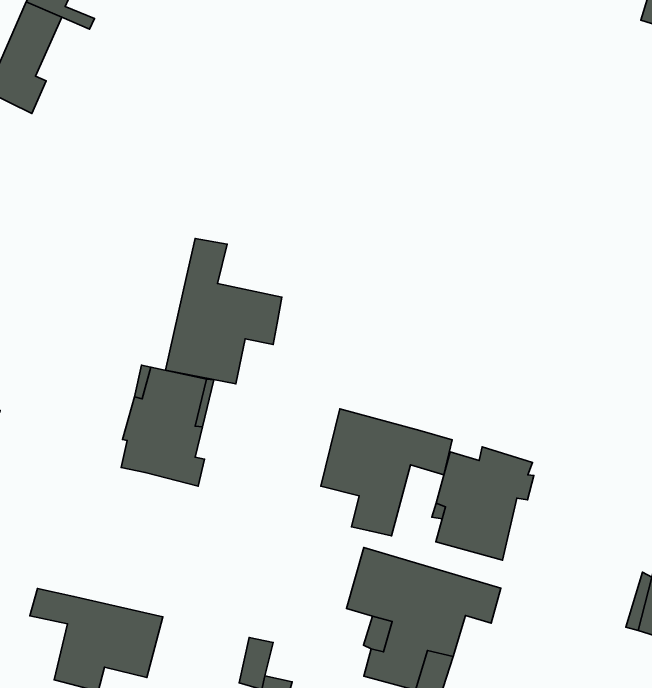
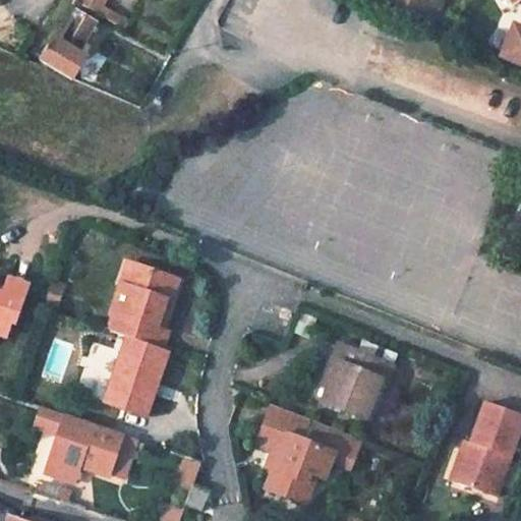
building: [166,238,282,384] -> none
building: [321,409,452,536] -> none
building: none -> [103,336,168,415]

